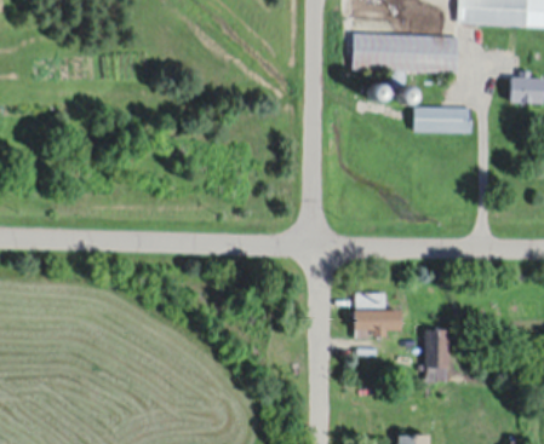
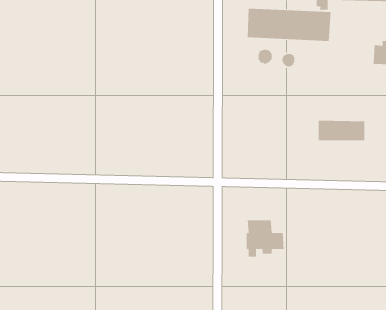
building: [413,108,471,133] -> [318,120,365,141]
building: [425,330,449,385] -> none

